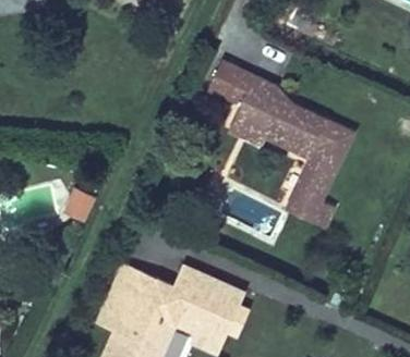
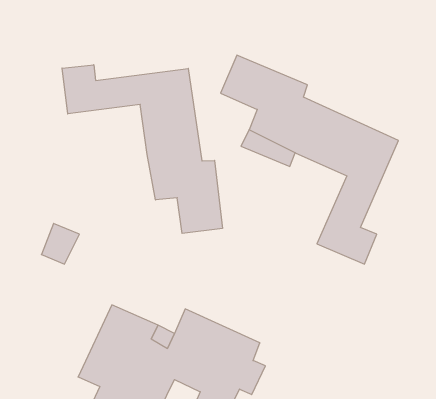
building: none -> [62,65,222,233]

